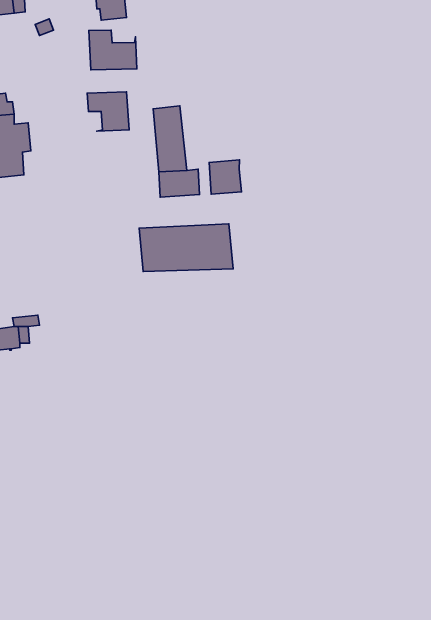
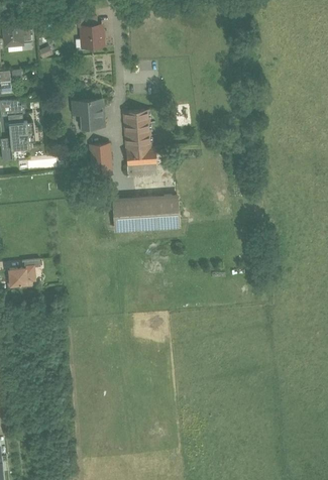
building: [89,30,137,70] -> none
building: none -> [91,143,109,166]
building: [209,160,242,194] -> none

